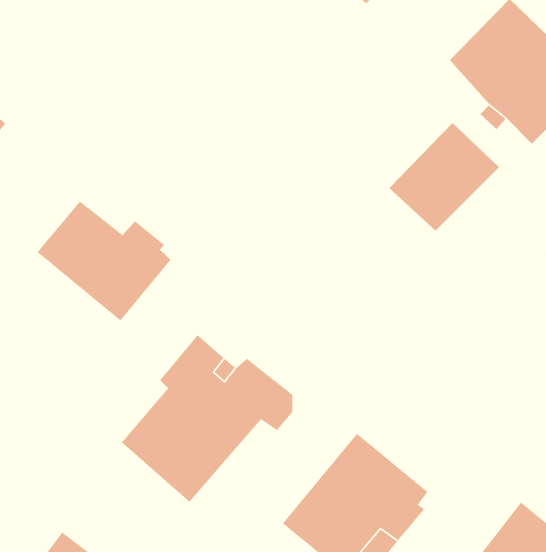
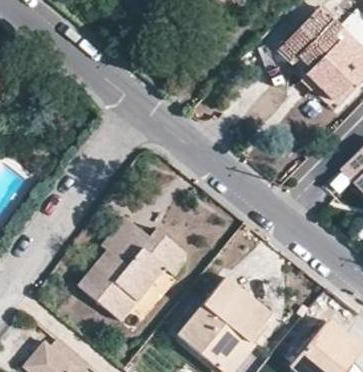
building: [388,122,500,232] -> none
building: [37,200,172,321] -> none

